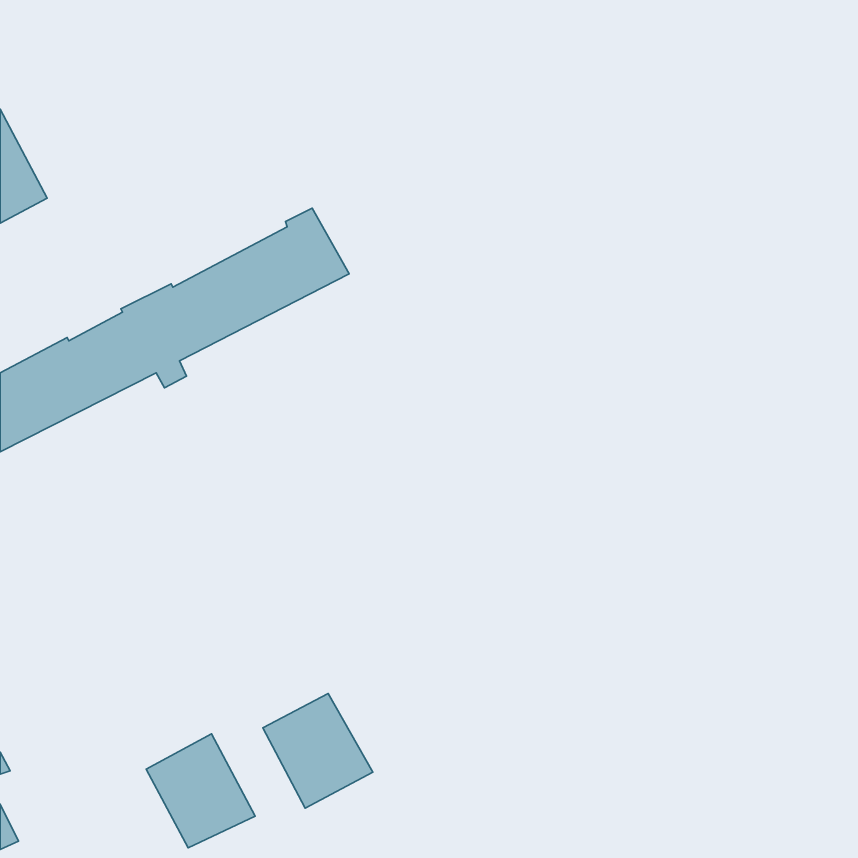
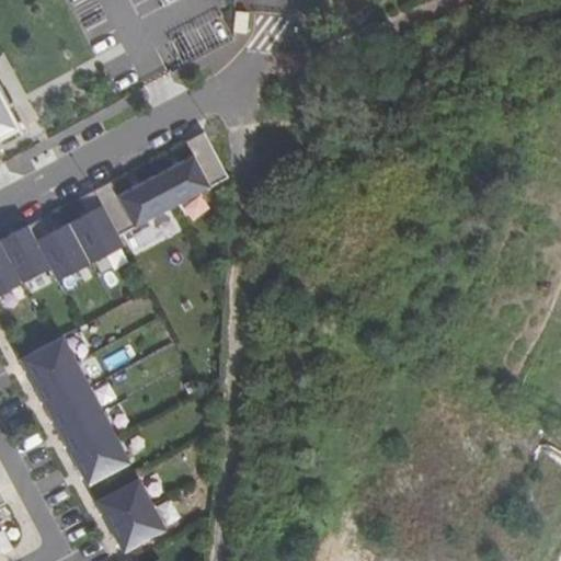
building: none -> [20,336,130,486]
building: [263,693,373,808] -> none

